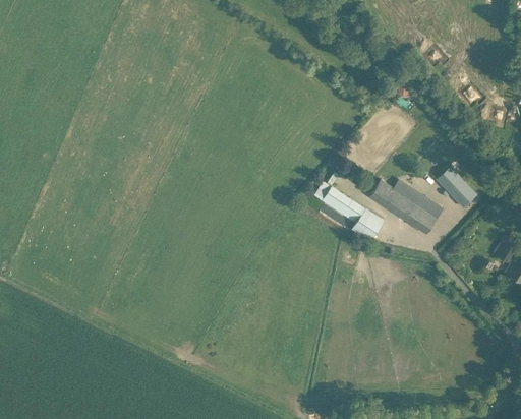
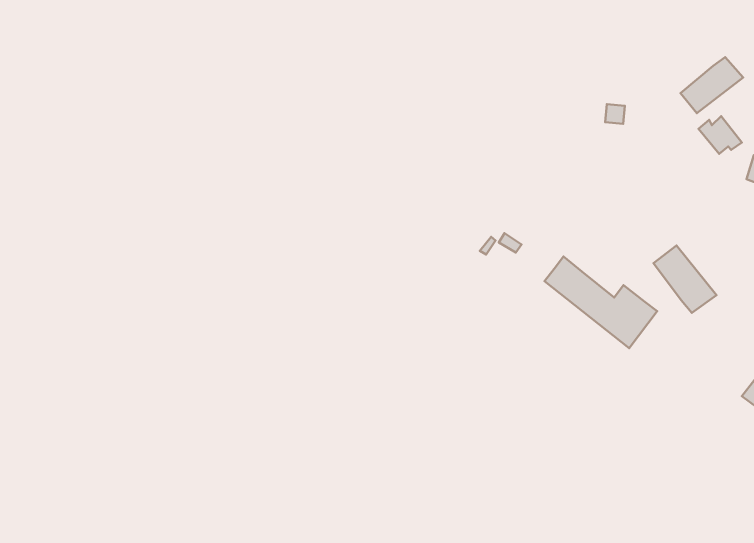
building: none -> [681,57,743,113]
building: [313,181,383,240] -> none

